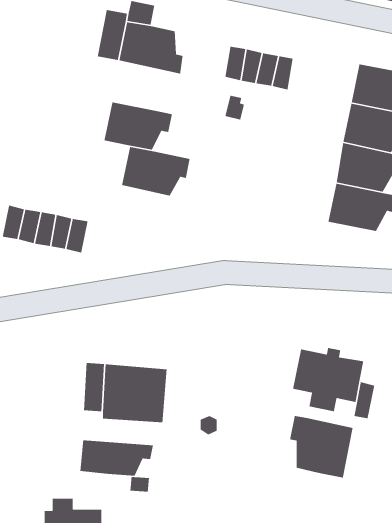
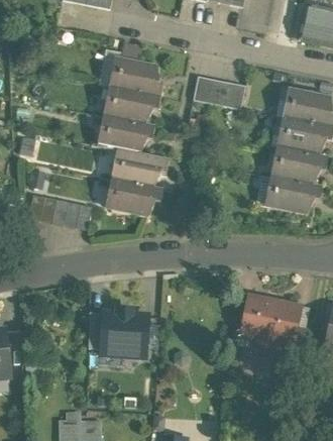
building: none -> [109,86,160,123]
building: none -> [110,179,161,217]
building: [289,415,354,479] -> none
building: [80,440,154,476] -> none

